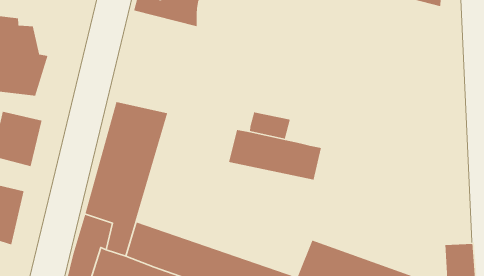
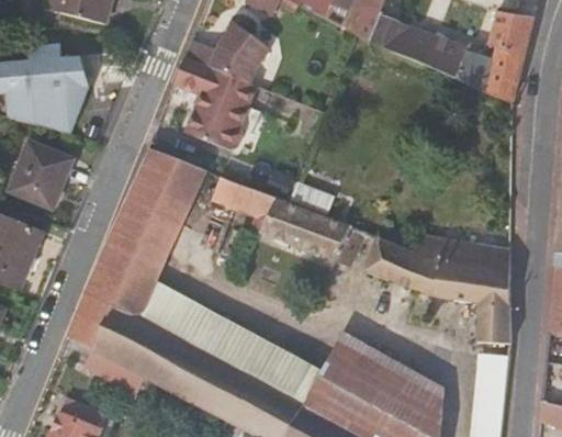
building: none -> [173,56,255,147]
building: none -> [213,177,276,233]
building: none -> [366,235,512,343]

